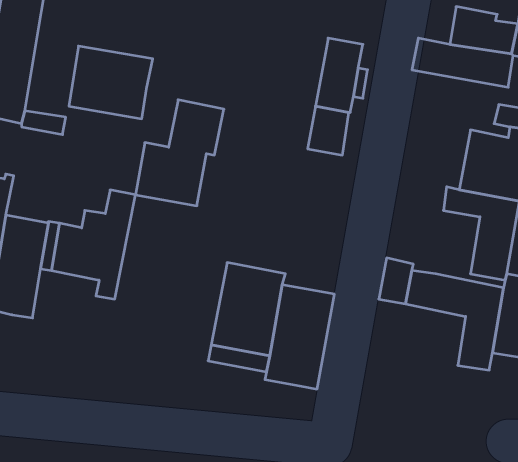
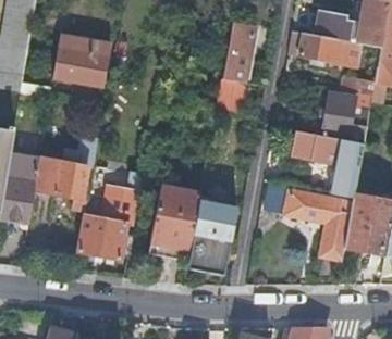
building: [135,100,224,206] -> [77,186,138,259]

